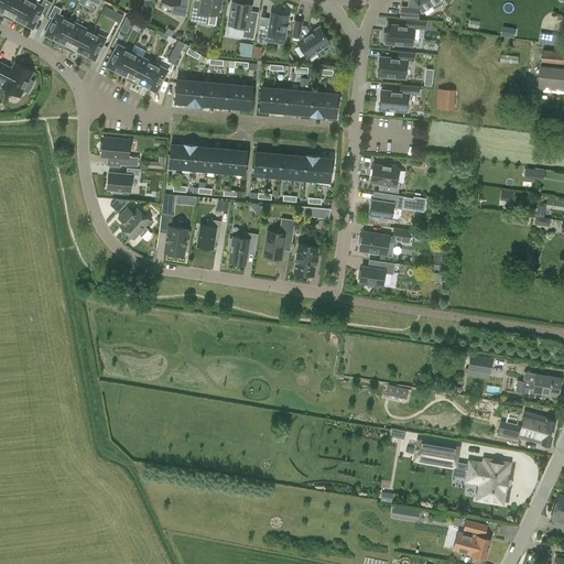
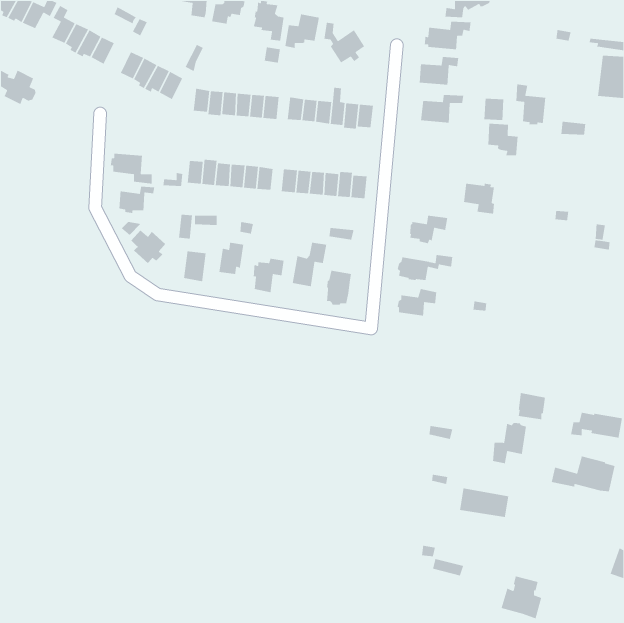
building: none -> [515,83,546,125]
building: none -> [487,123,518,156]
building: [370,165,399,194] -> [463,183,495,215]
building: none -> [492,422,527,464]
building: [466,459,508,503] -> none

